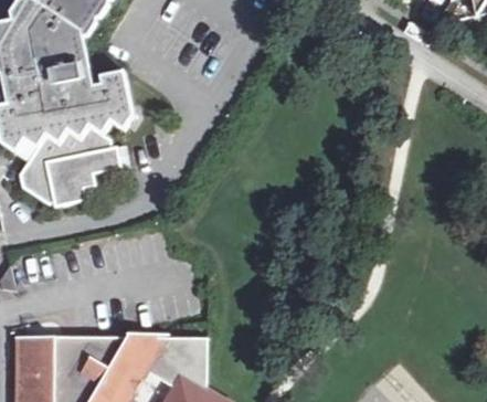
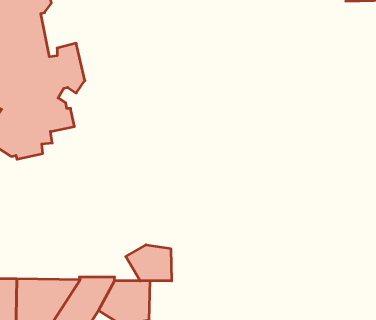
building: none -> [126,245,172,281]

